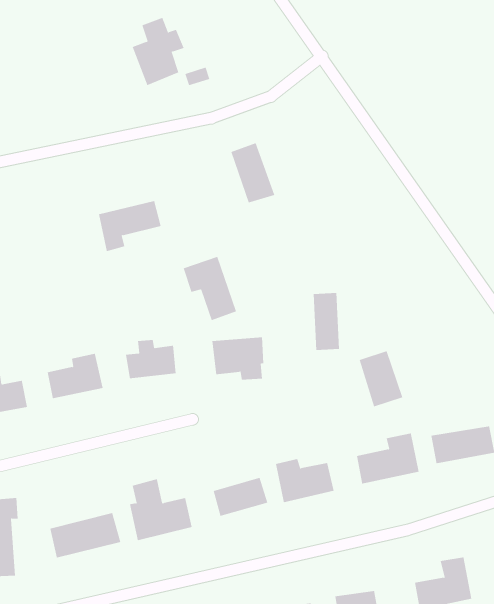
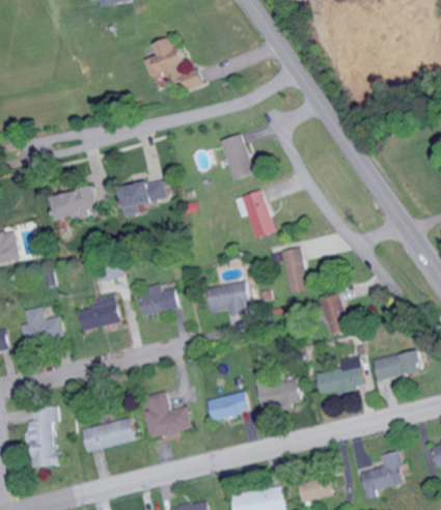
building: none -> [51,187,98,221]
building: [183,256,237,321] -> [233,190,275,239]

